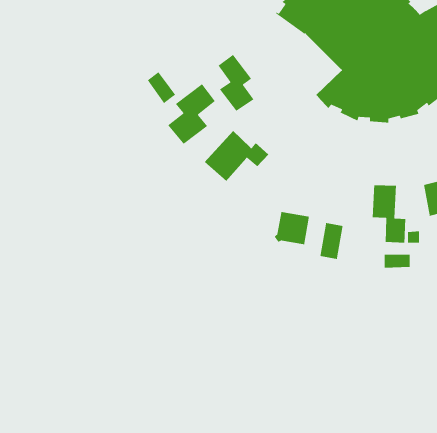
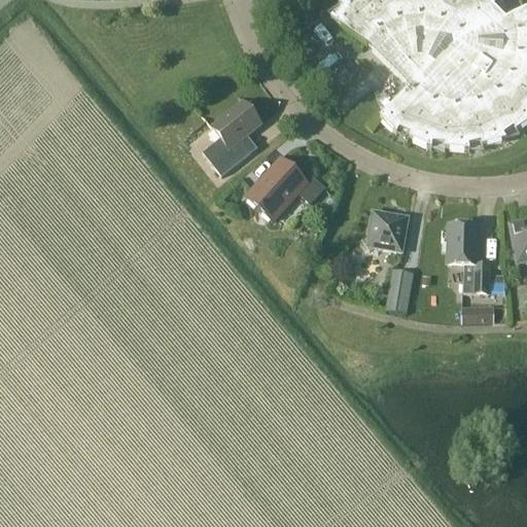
building: [218,54,254,112] -> none
building: [147,71,176,104] -> none
building: [274,211,310,245] -> [364,209,408,250]

